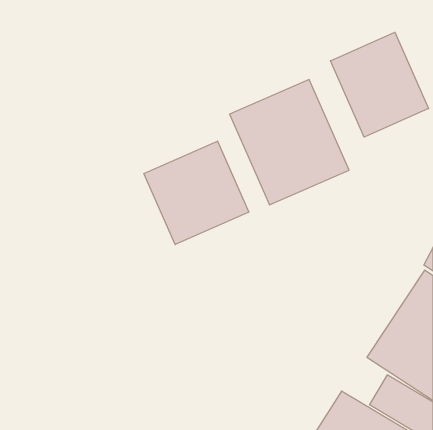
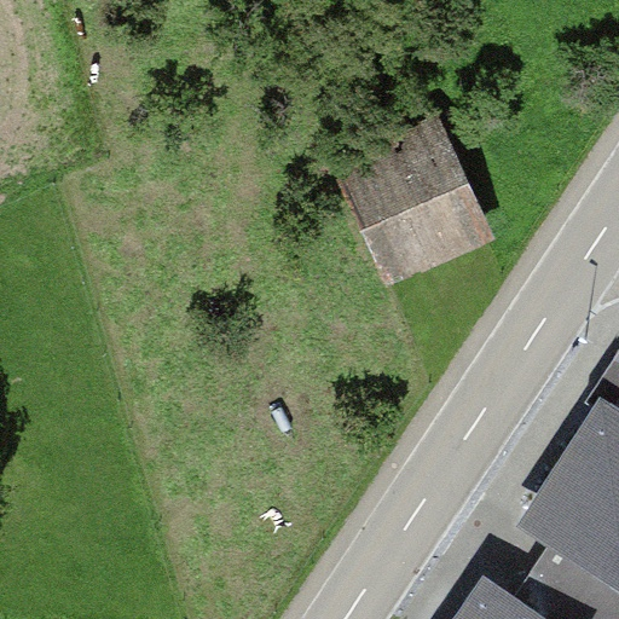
building: [330,32,429,137] -> none
building: [144,141,249,245] -> none

